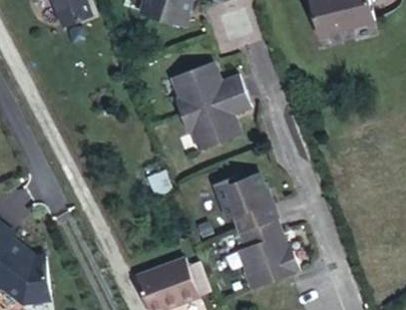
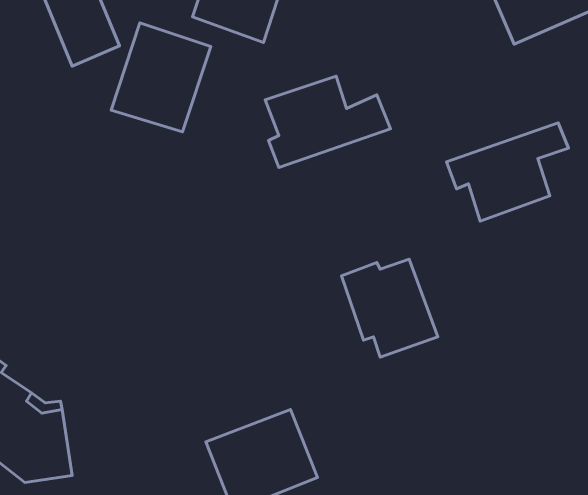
building: none -> [111,23,211,132]
building: [181,90,254,148] -> [446,123,568,221]
building: [238,214,301,283] -> none

